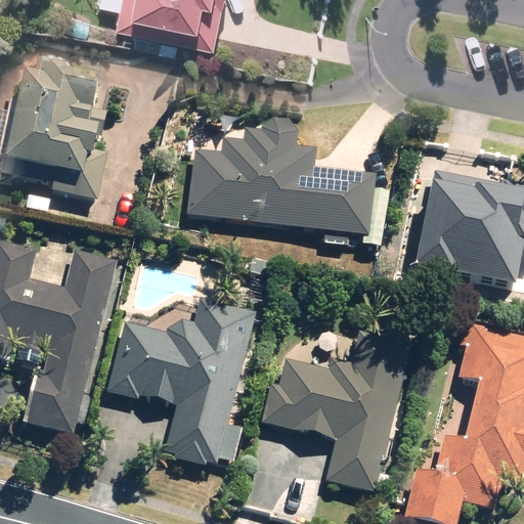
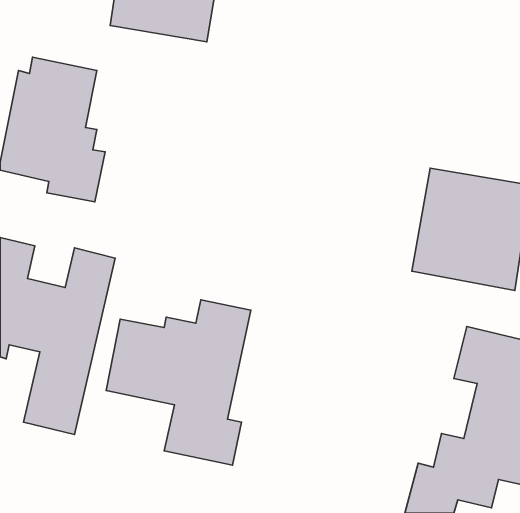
building: [183,118,385,245] -> none
building: [264,334,408,494] -> none

